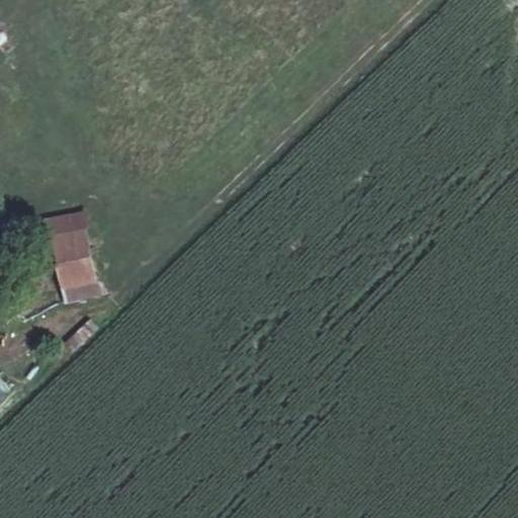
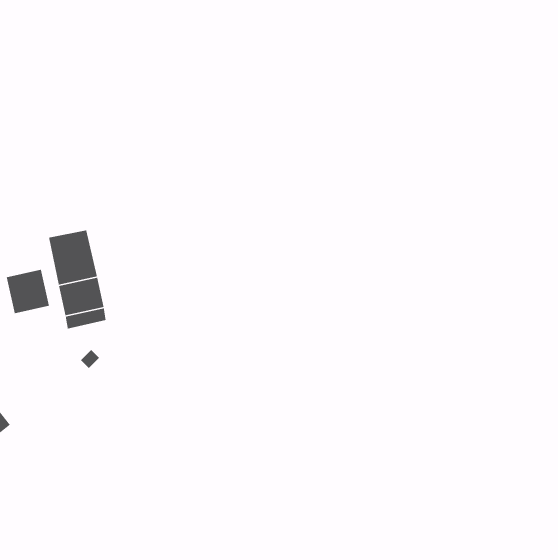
building: none -> [6,269,50,314]

